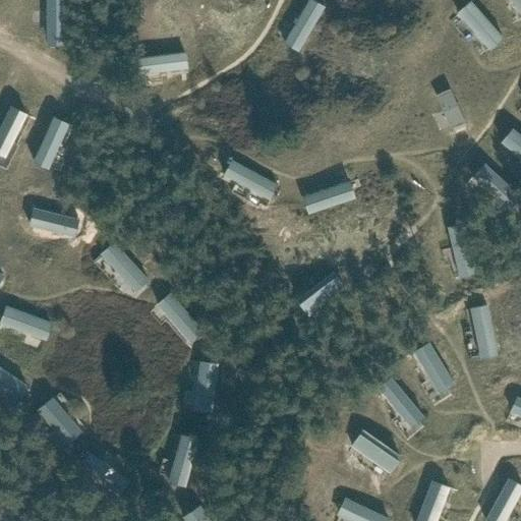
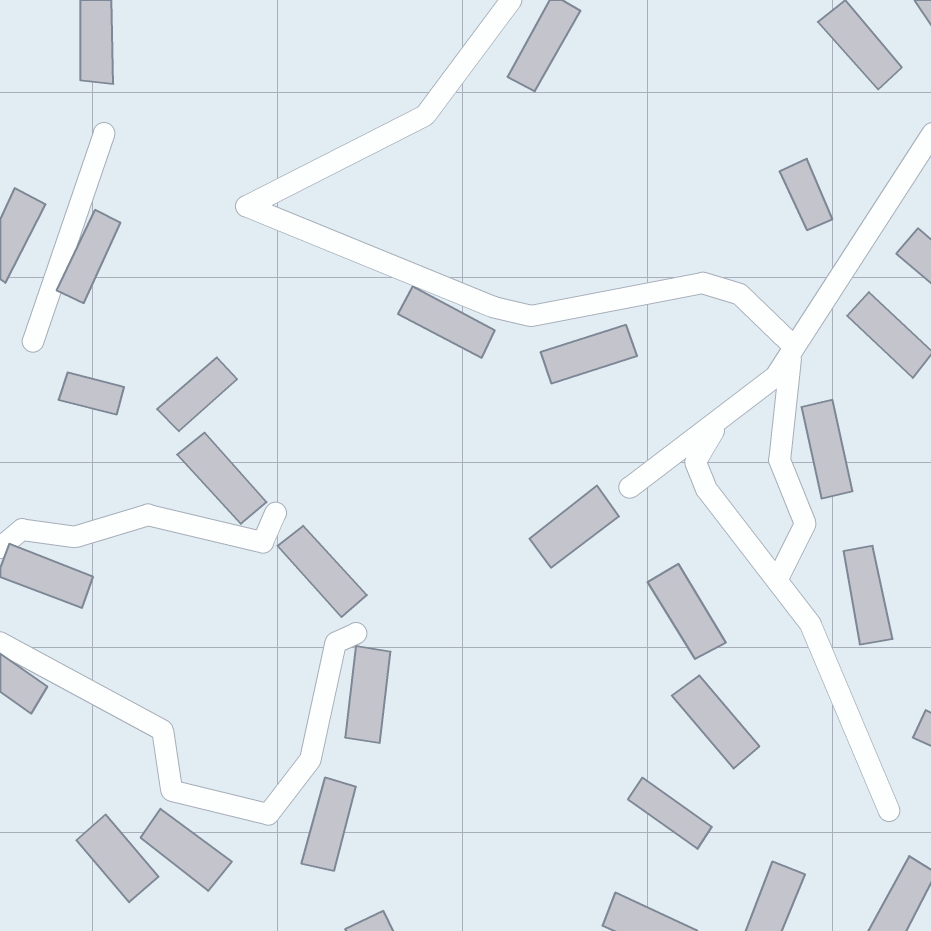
building: [137,53,188,75] -> none
building: none -> [157,357,237,431]
building: [412,342,456,395] -> [647,564,726,659]
building: [37,396,82,445] -> [76,815,159,902]

